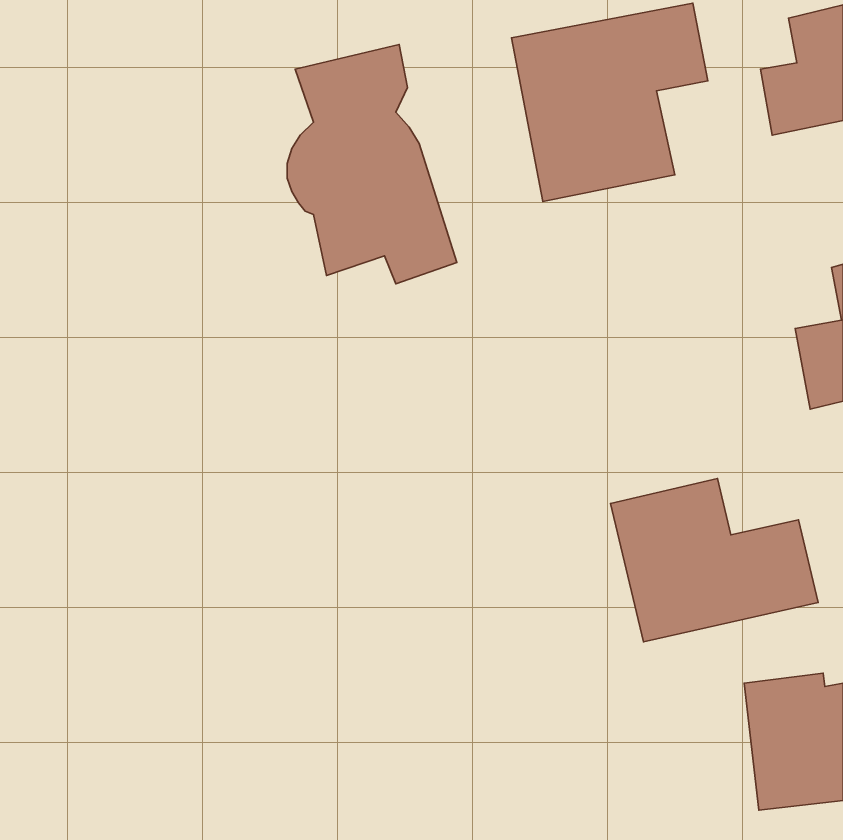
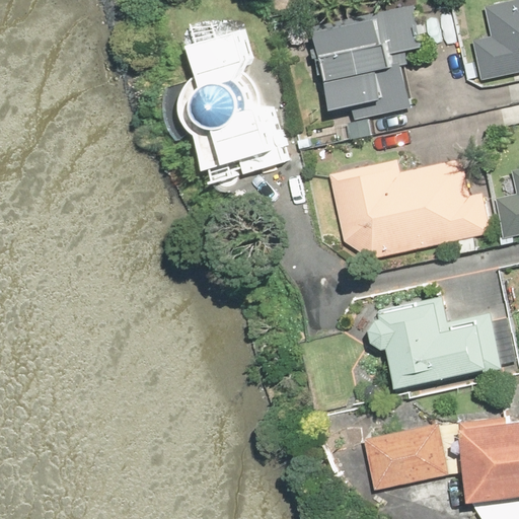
building: none -> [327,156,493,257]
building: none -> [366,422,454,493]

